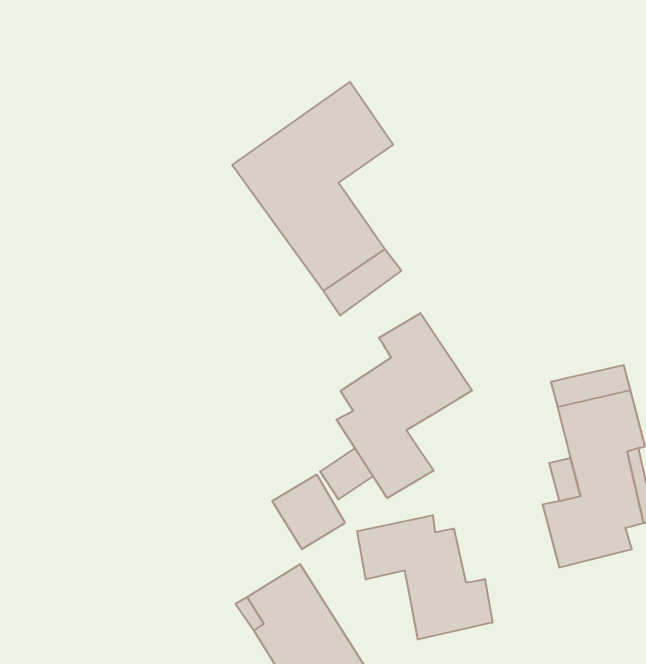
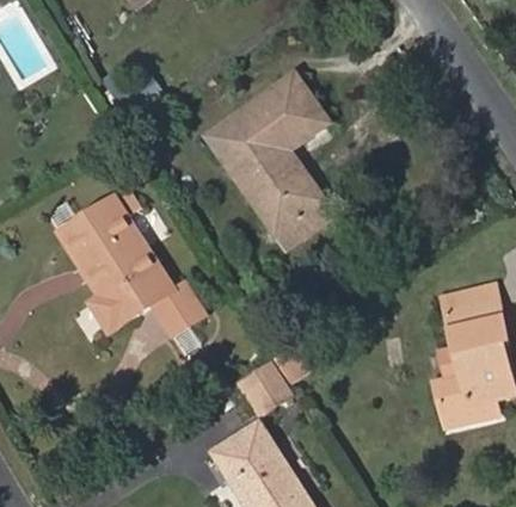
building: none -> [61,190,201,338]
building: [336,313,472,498] -> none
building: [357,515,493,640] -> none

